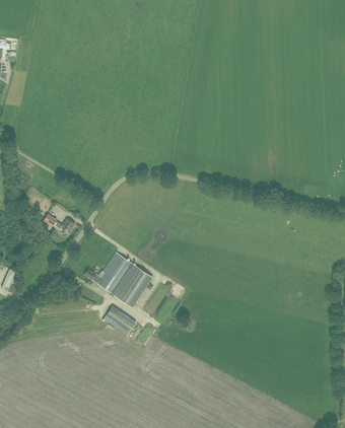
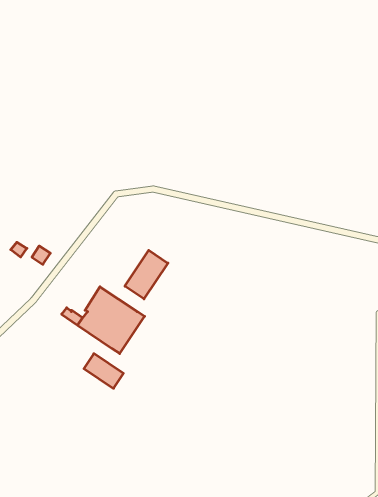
building: none -> [125,250,168,299]

